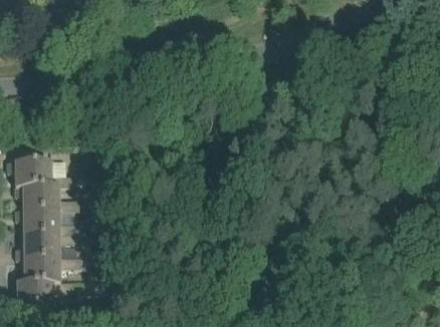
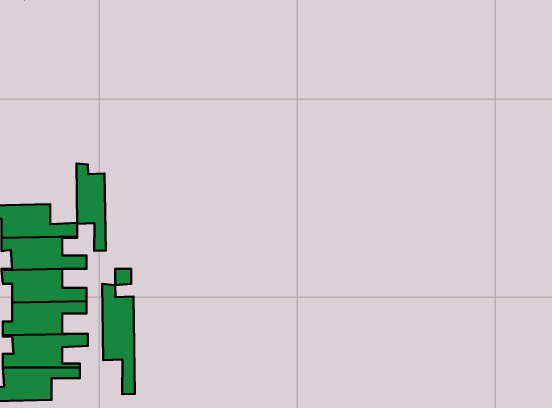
building: none -> [76,164,106,251]
building: none -> [102,284,135,394]

